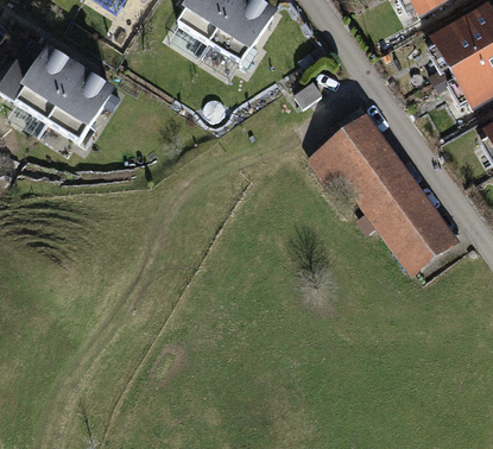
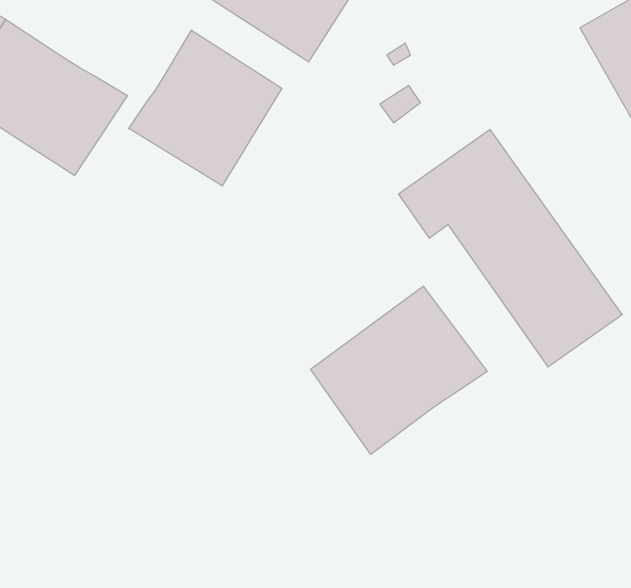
building: none -> [129,30,282,186]
building: none -> [311,286,487,455]

